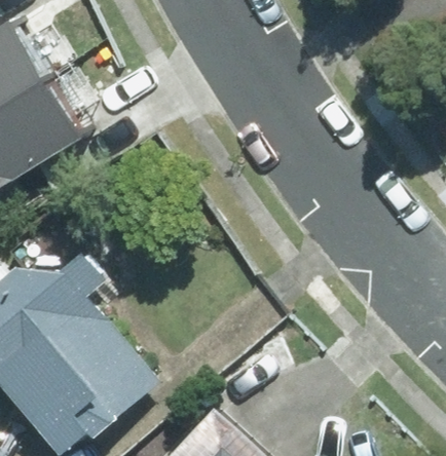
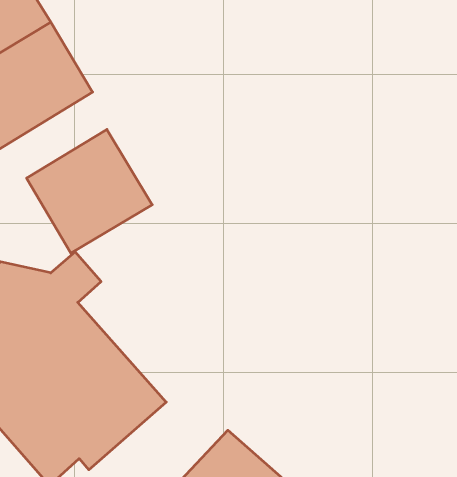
building: none -> [27,129,152,253]

